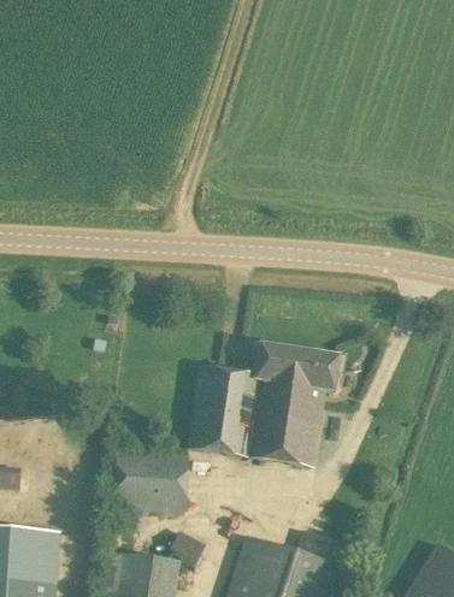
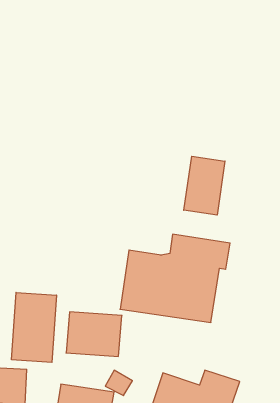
building: none -> [184,156,225,215]
building: none -> [12,292,56,362]

